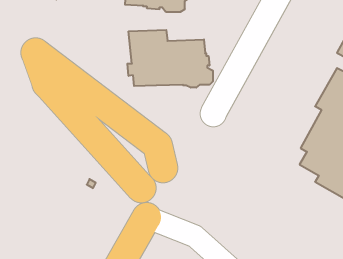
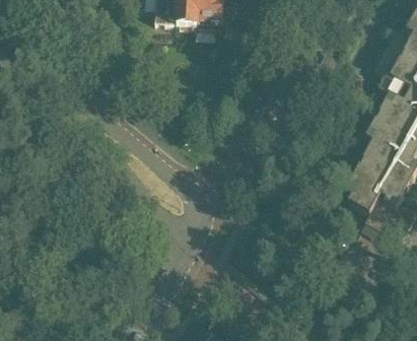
building: [127,30,213,88] -> none

